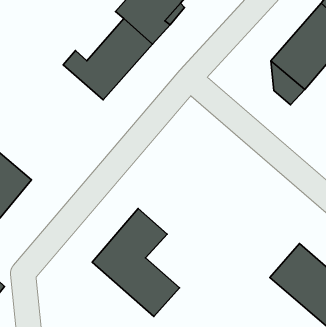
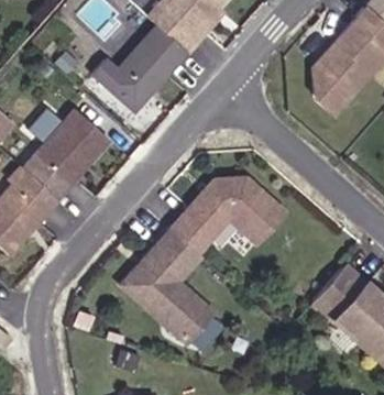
building: none -> [33,108,108,185]
building: none -> [172,177,286,253]

